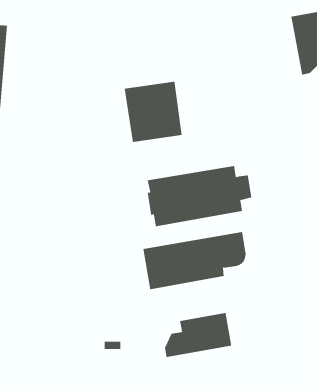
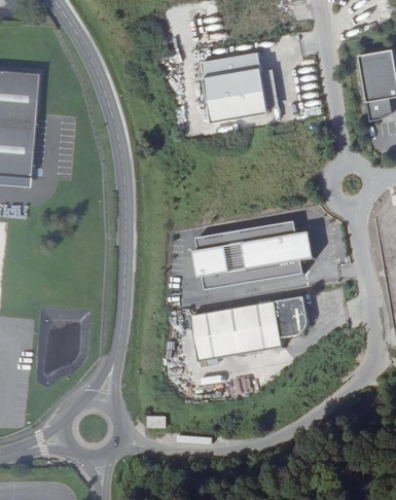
building: [124,81,182,142] -> [200,51,265,120]
building: [164,312,232,358] -> none

